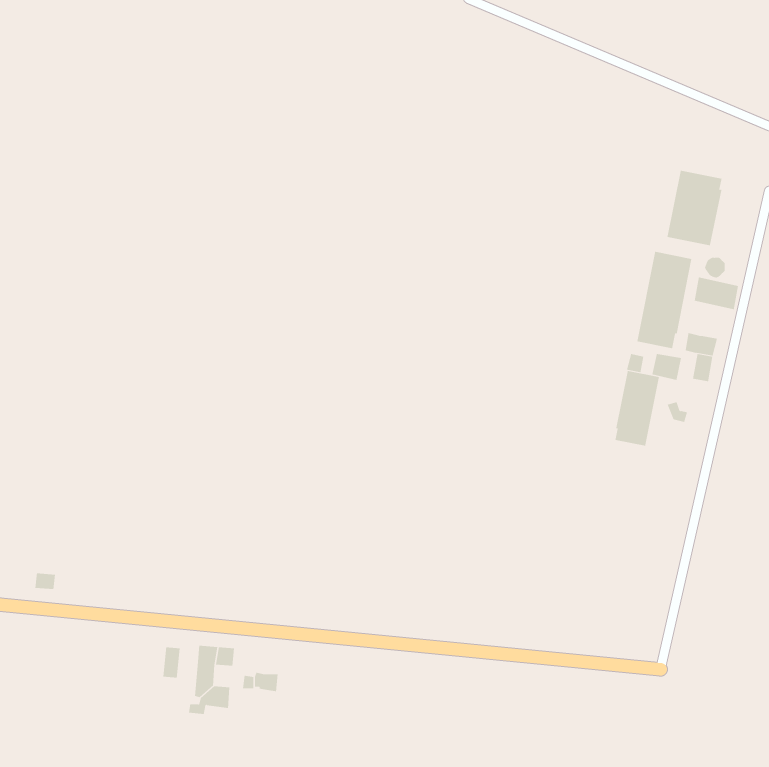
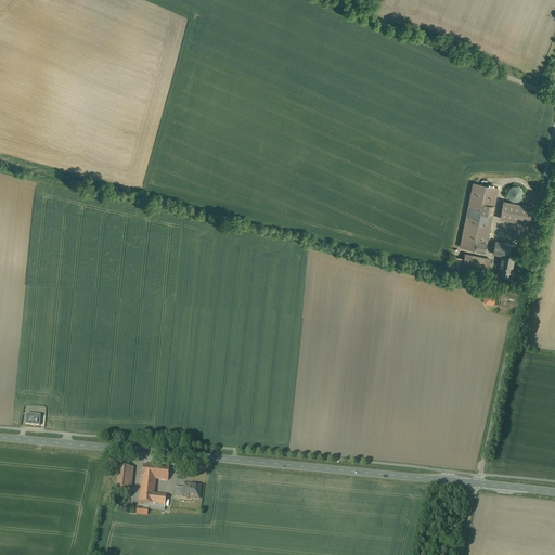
building: [667,170,722,246] -> none
building: [615,370,660,447] -> none

